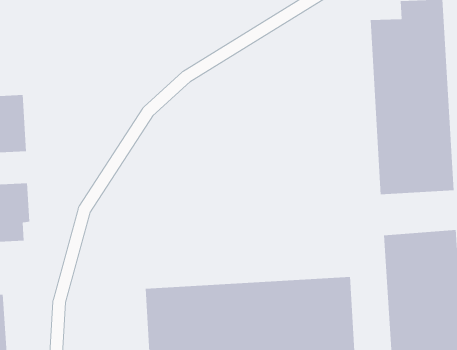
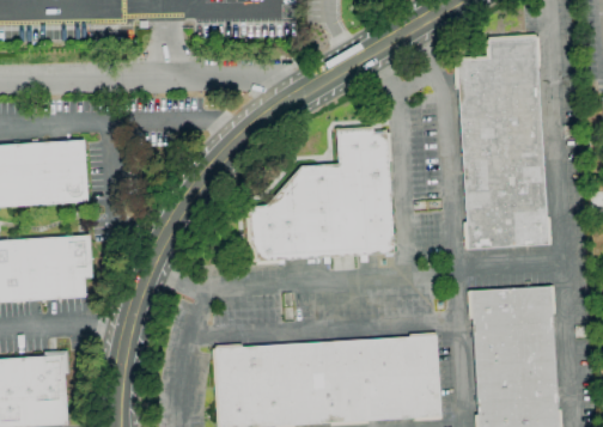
building: none -> [248,128,394,261]

